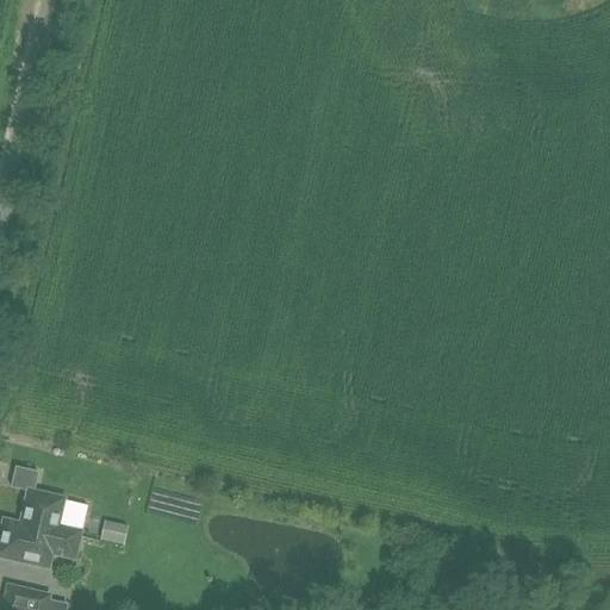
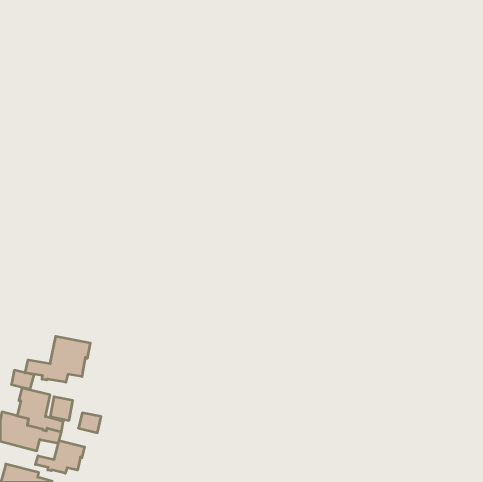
building: none -> [25,336,90,382]
building: none -> [35,441,85,473]

